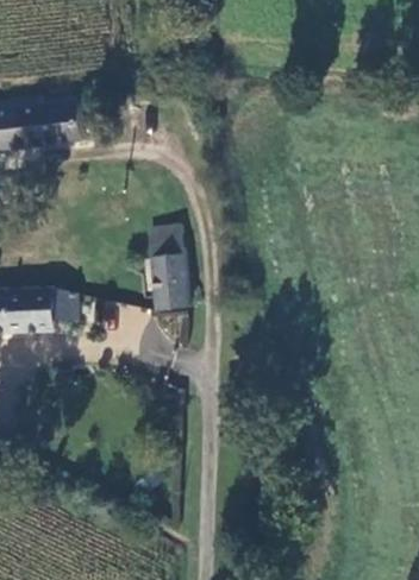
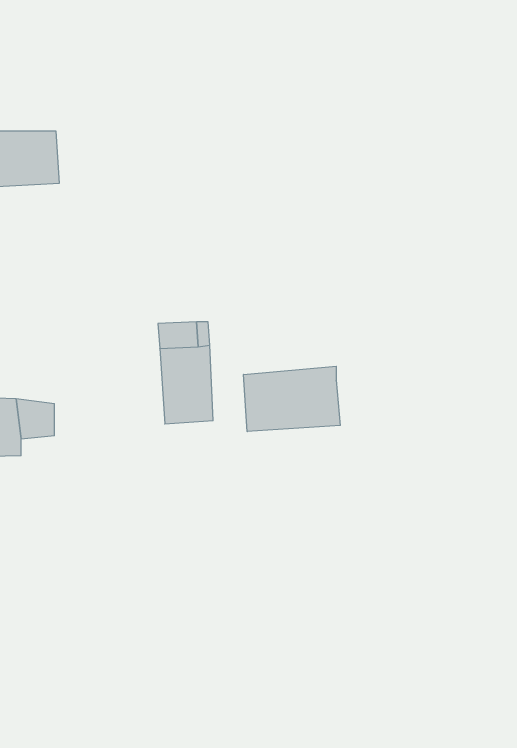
building: none -> [244,366,340,432]

